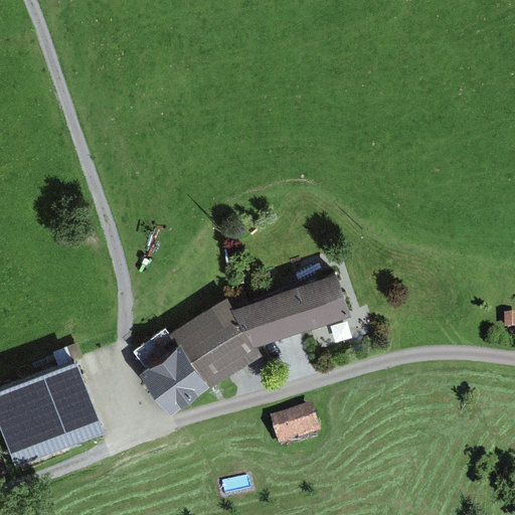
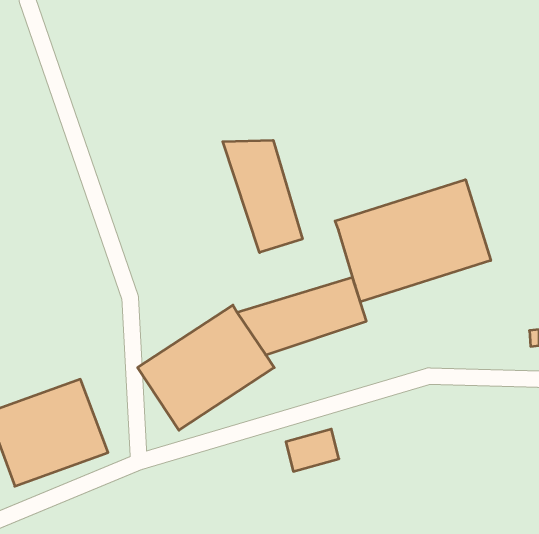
building: none -> [223,140,302,253]
building: none -> [335,180,491,302]

